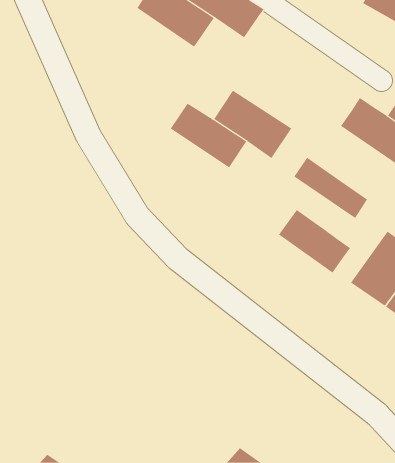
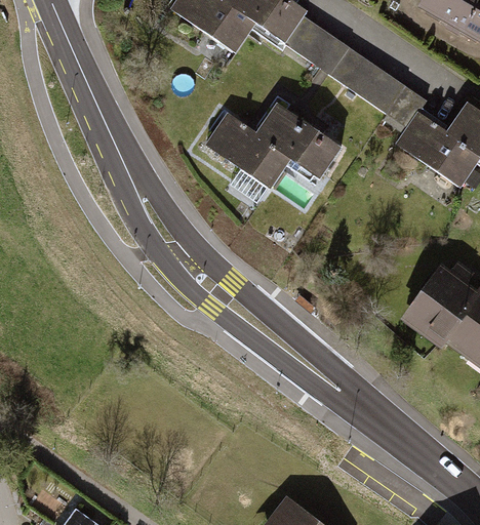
building: none -> [288,19,441,125]
building: [293,157,368,219] -> none
building: [278,209,351,274] -> none

